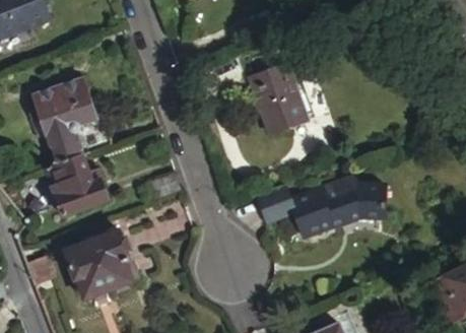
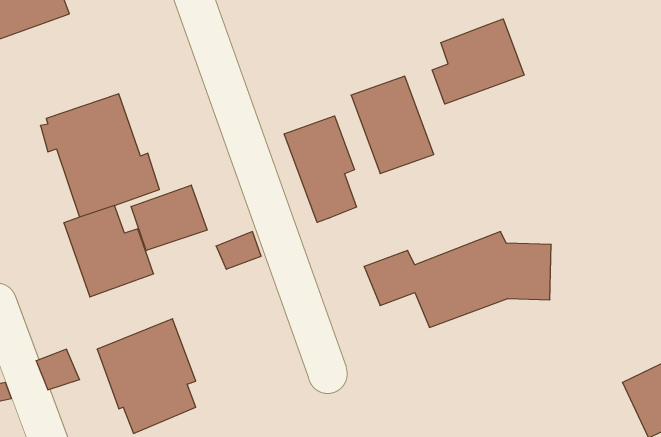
building: none -> [432,19,524,104]
building: none -> [284,116,356,222]
building: none -> [131,185,207,251]

